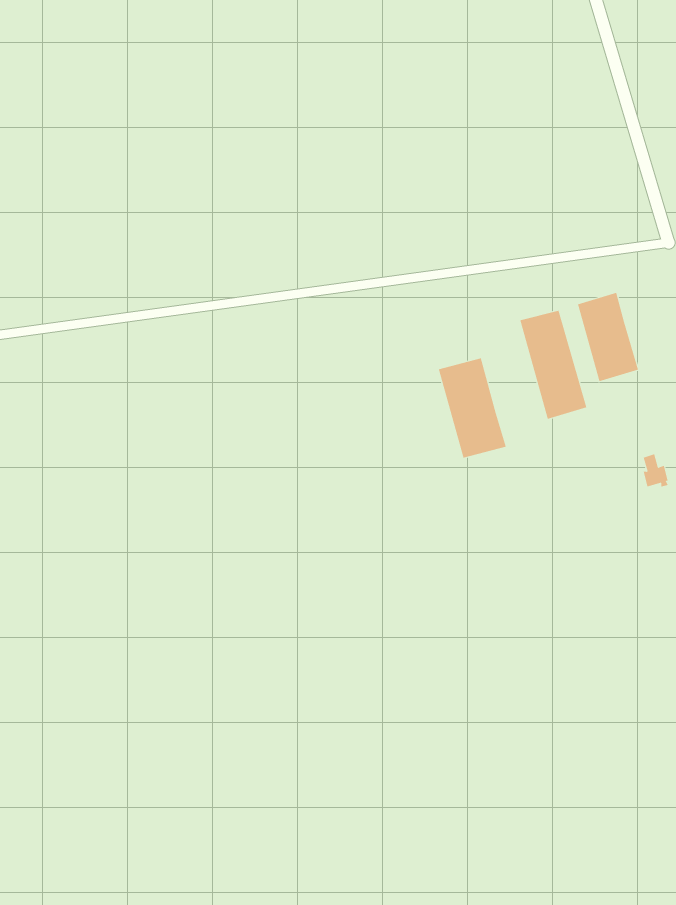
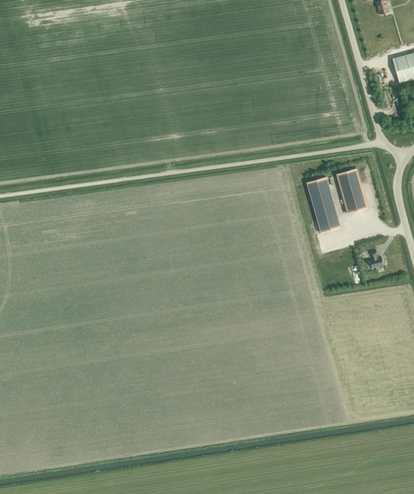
building: [438,357,506,458] -> none

